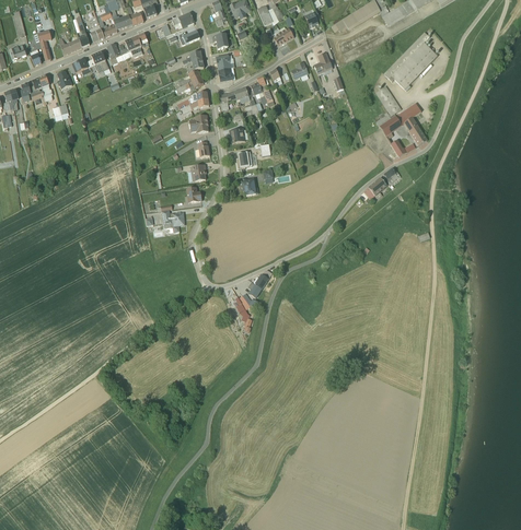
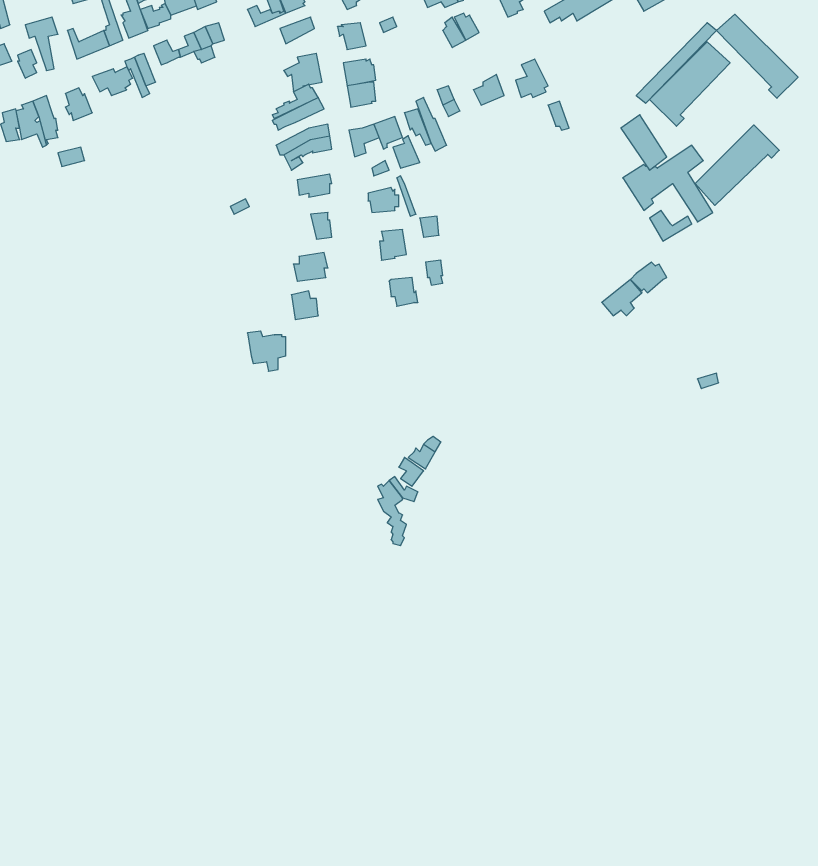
building: none -> [717,14,798,98]
building: none -> [695,125,779,205]

